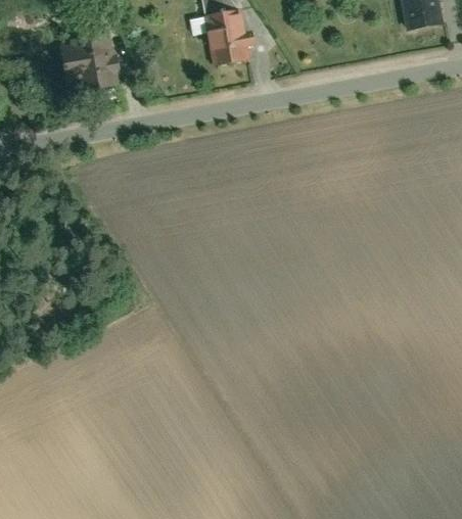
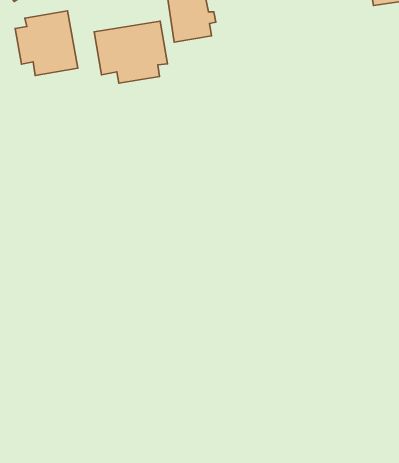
building: none -> [94,21,168,83]

